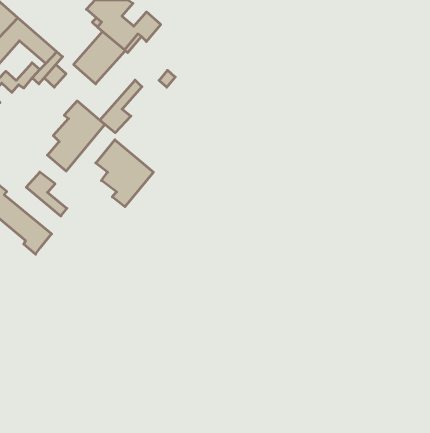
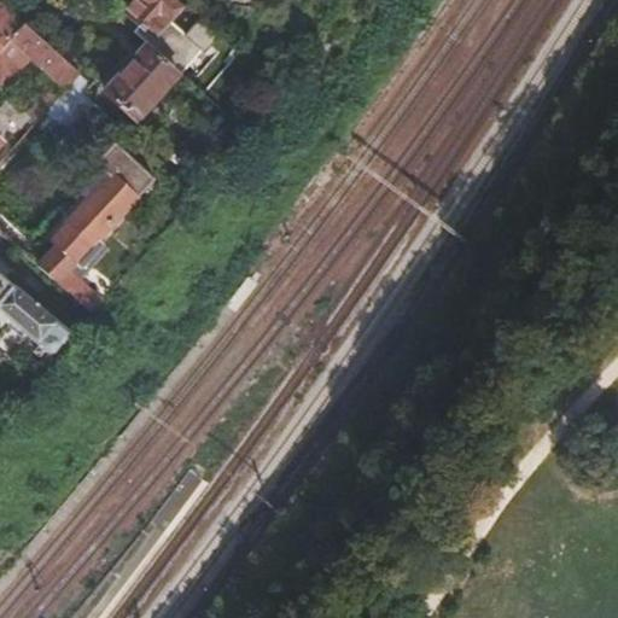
building: [100,80,142,133] -> none
building: [96,140,153,207] -> none

